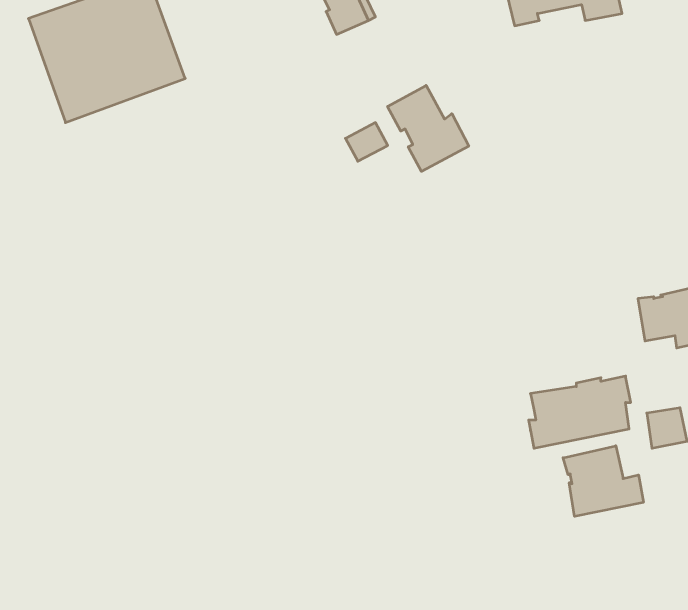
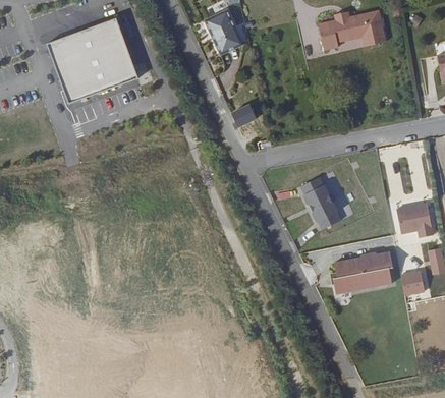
building: [388,85,469,171] -> none
building: none -> [301,177,341,229]
building: [563,446,643,516] -> none

